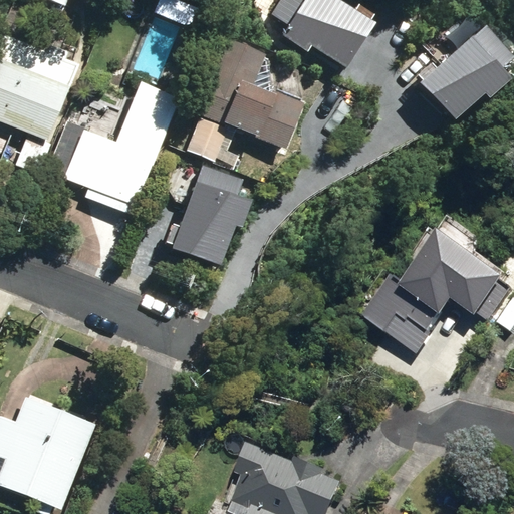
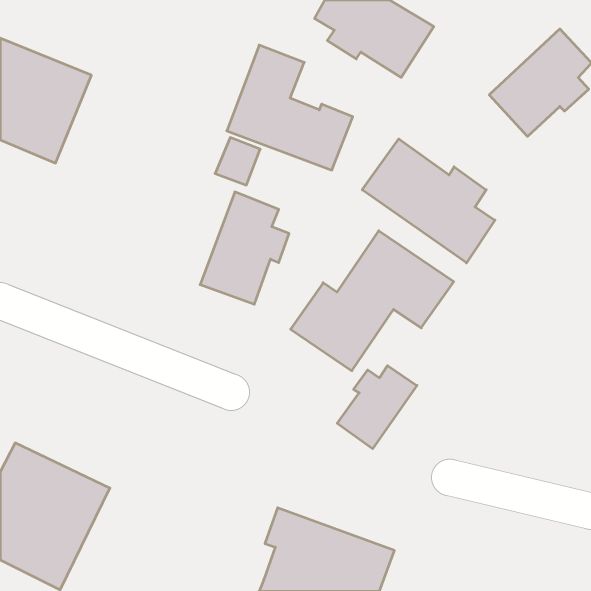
building: [63,89,173,205] -> none
building: none -> [362,139,495,263]
building: [360,229,502,350] -> [291,231,454,371]
building: none -> [337,366,417,449]

